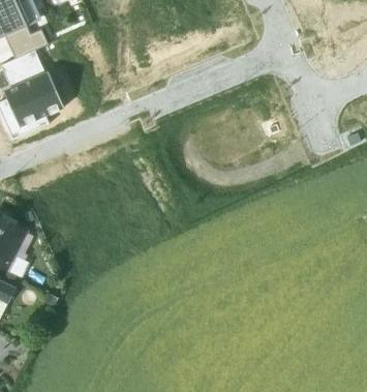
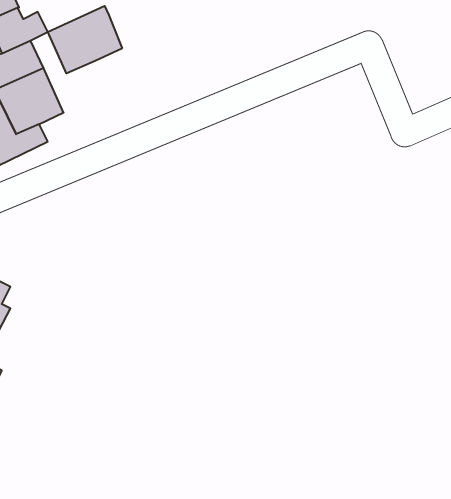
building: none -> [48,6,122,73]

